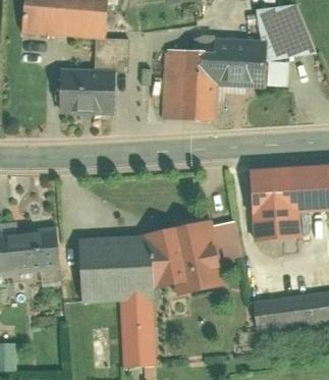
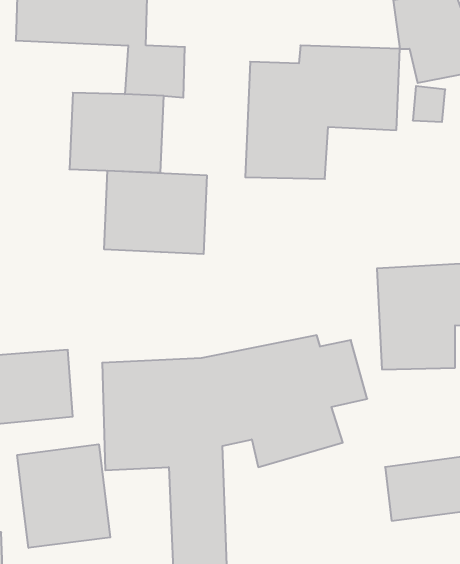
building: none -> [104,171,207,254]
building: none -> [17,444,110,548]

